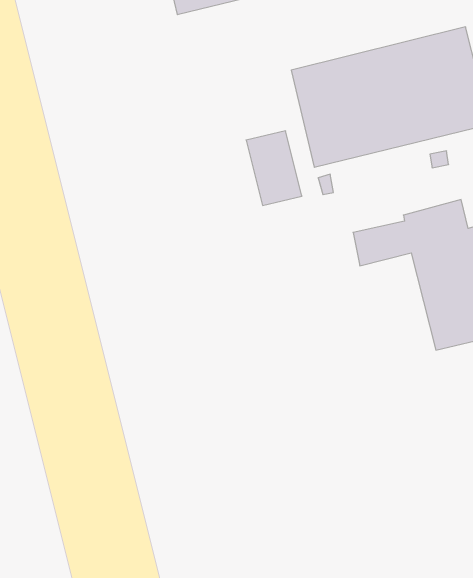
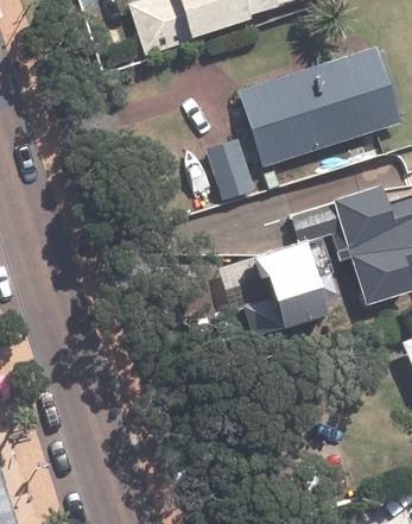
building: none -> [239,245,332,339]

